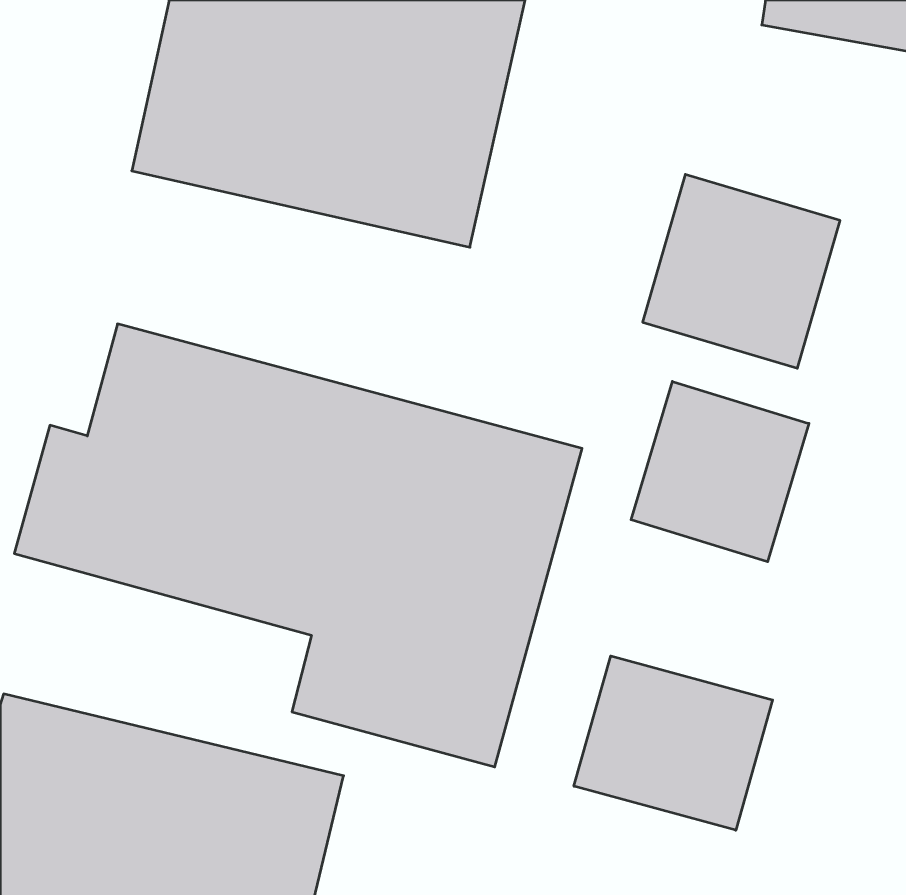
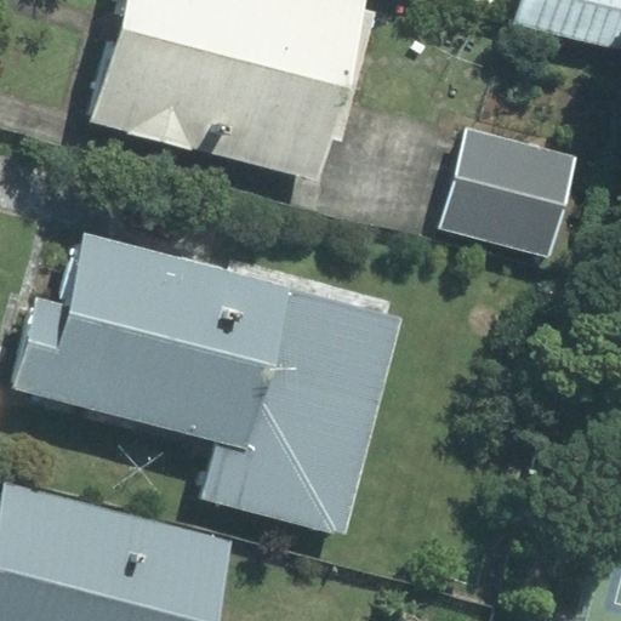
building: [631,381,809,562] -> none
building: [574,656,773,830] -> none

